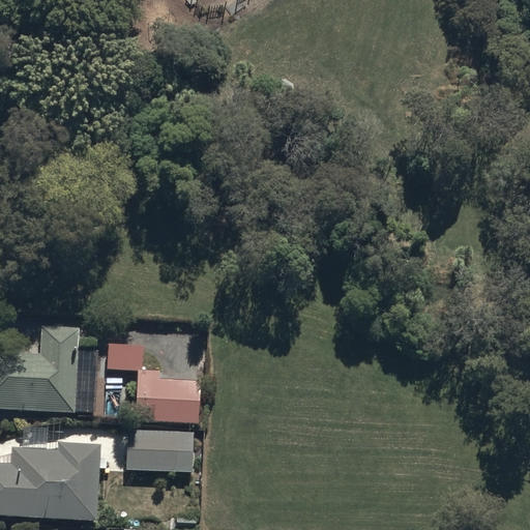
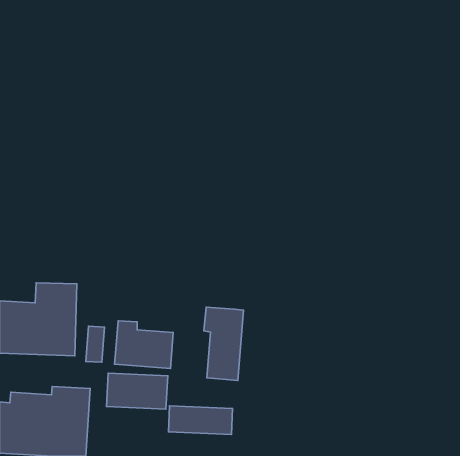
building: none -> [204,307,243,381]
building: none -> [169,406,232,435]

